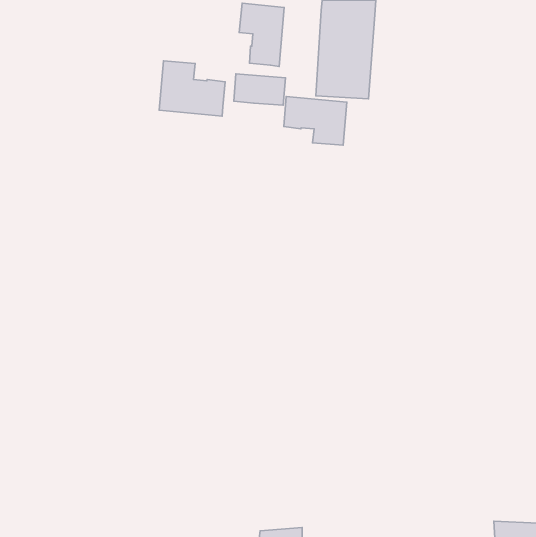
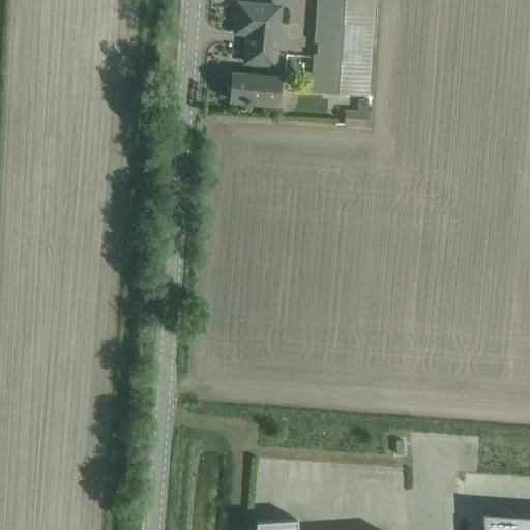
building: [159,61,225,116] -> none
building: [284,96,347,145] -> none

